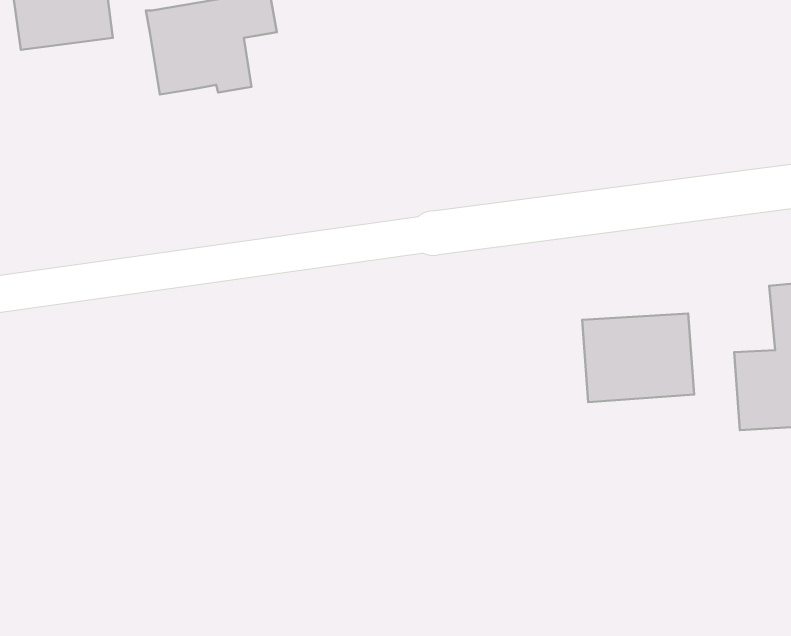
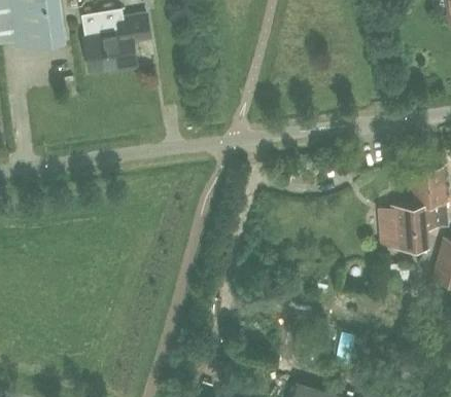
building: [582,314,694,402] -> none

